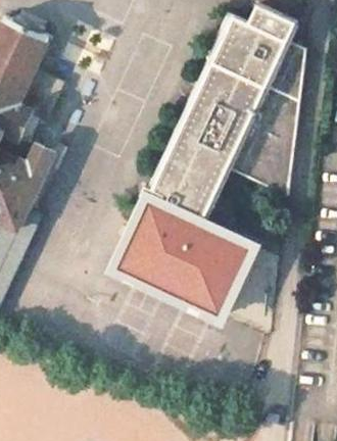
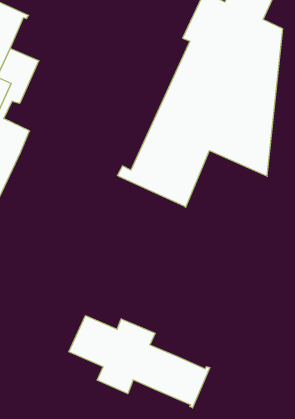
building: [115,197,252,317] -> none
building: none -> [69,316,210,408]

